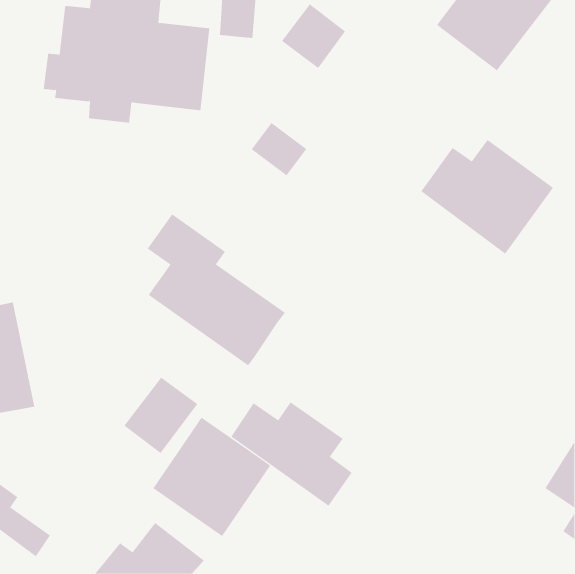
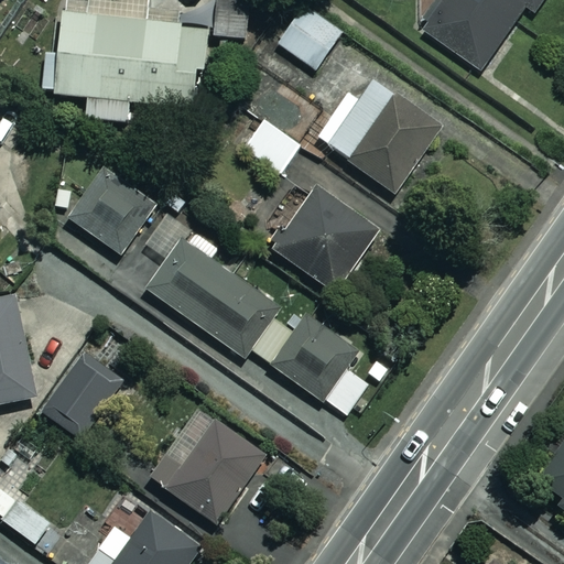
building: [421,139,554,254] -> [310,79,440,192]
building: none -> [68,166,154,252]
building: none -> [274,187,377,292]
building: [124,377,198,454] -> [42,361,115,436]
building: [230,402,352,507] -> [249,314,368,416]

